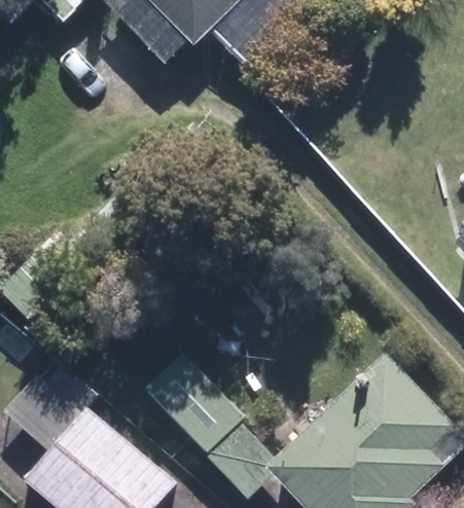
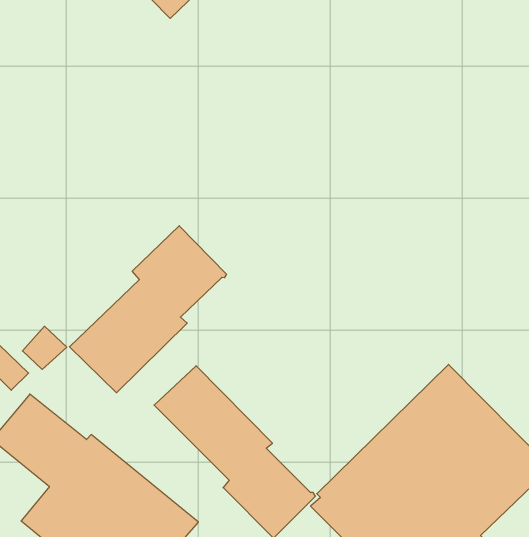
building: none -> [69,226,226,393]

